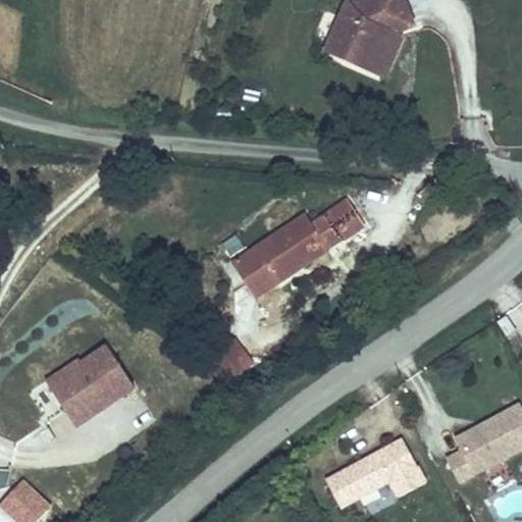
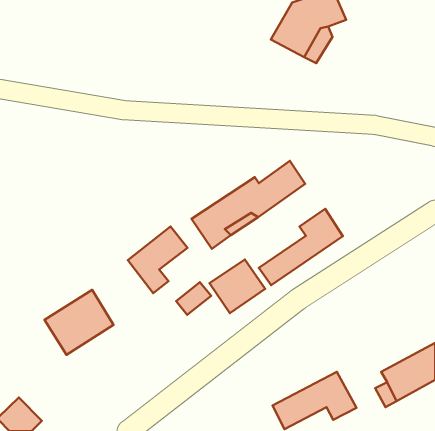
building: none -> [259,209,343,285]
building: none -> [128,227,188,293]
building: none -> [210,260,265,313]

